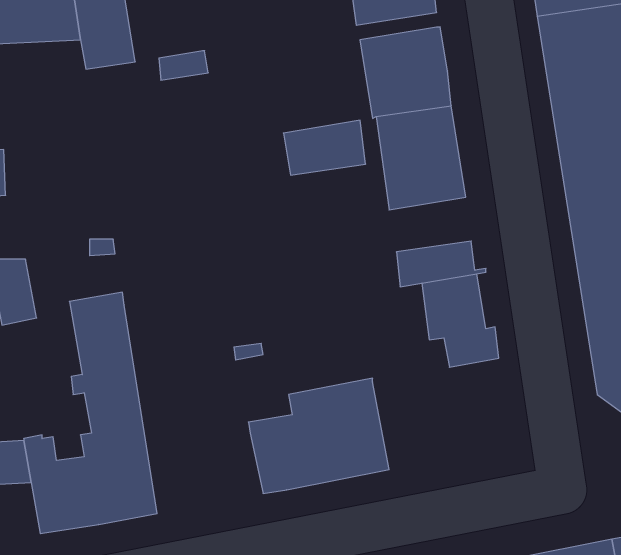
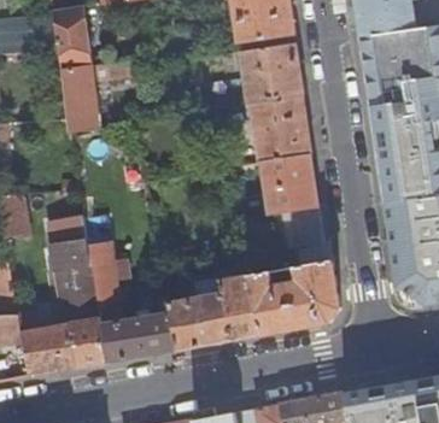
building: none -> [59,66,99,133]
building: [283,120,366,175] -> [259,155,314,192]
building: none -> [84,224,176,364]
building: none -> [248,262,339,335]

